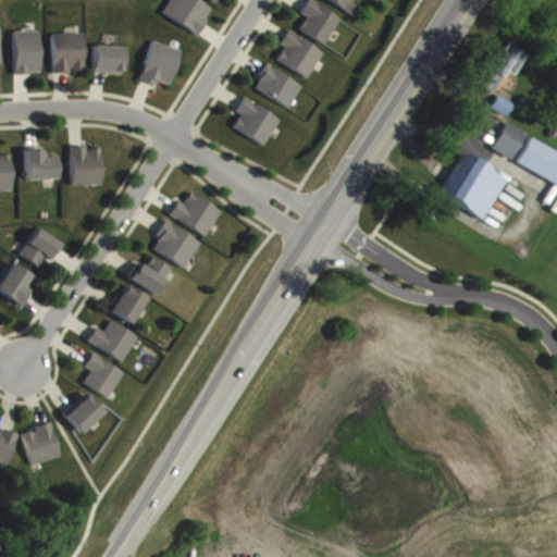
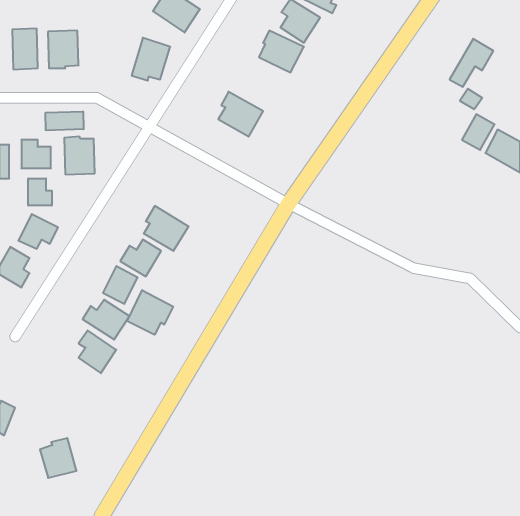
building: [92,46,124,74] -> none
building: [253,64,302,108] -> none
building: none -> [46,111,84,130]
building: [440,152,508,220] -> none
building: none -> [28,178,52,206]
building: [170,191,221,237] -> none
building: none -> [127,290,173,335]
building: [63,392,106,434] -> none
building: [23,422,62,465] -> [40,438,77,478]

